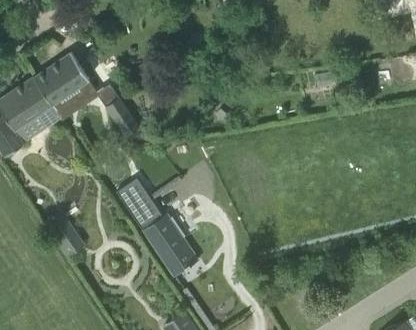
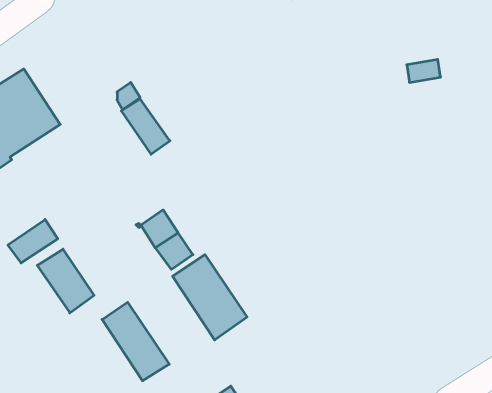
building: [33,52,98,118] -> none
building: none -> [8,219,58,263]
building: none -> [102,302,169,381]

